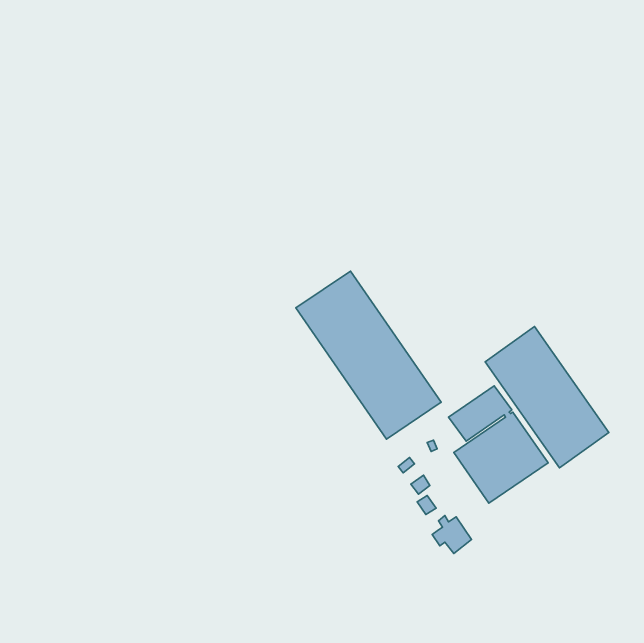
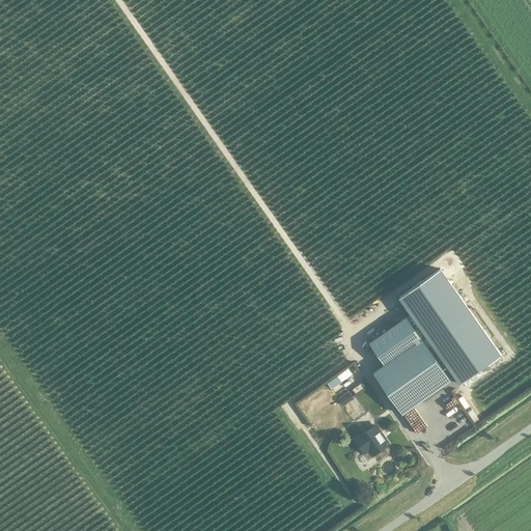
building: [296,271,441,439] -> none

